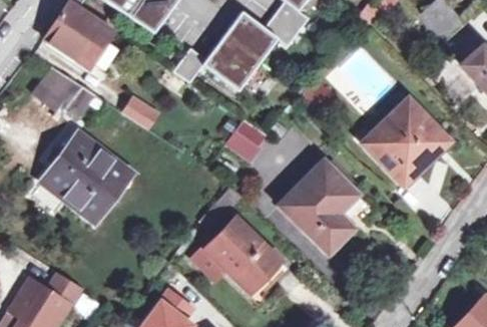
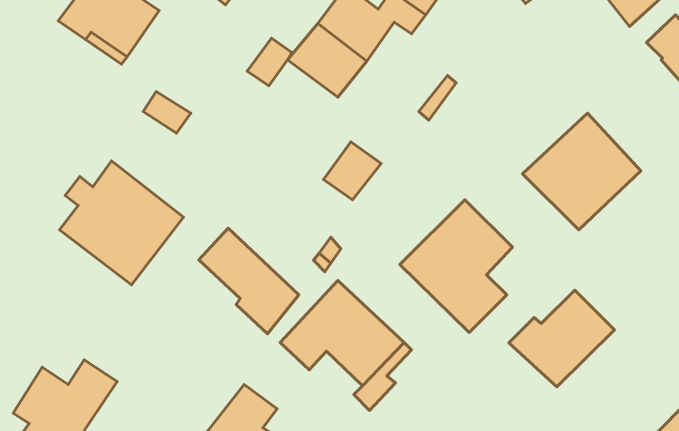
building: [34,68,95,119] -> none
building: none -> [199,228,299,334]
building: none -> [509,290,615,387]

